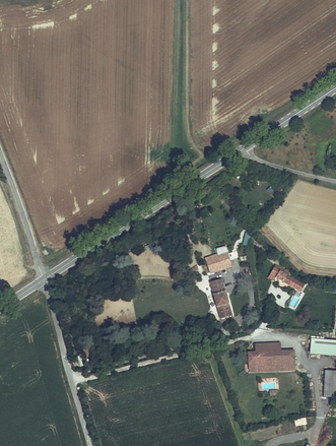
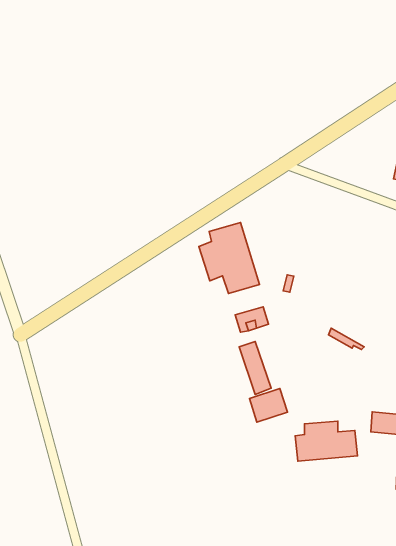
building: none -> [199,222,260,294]
building: none -> [249,388,287,422]

